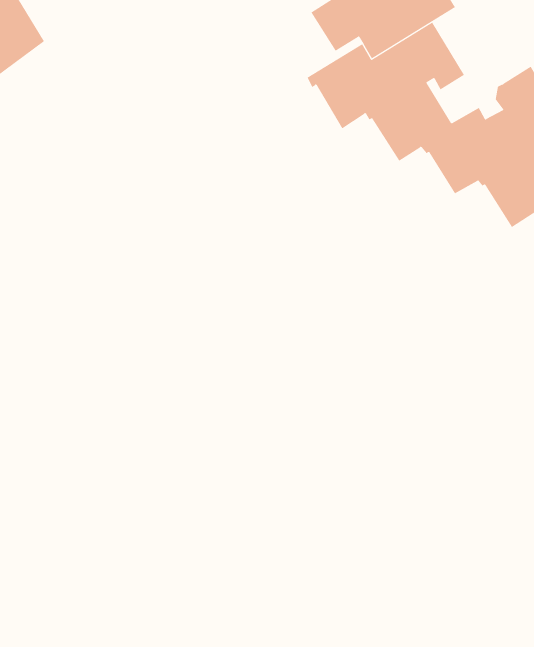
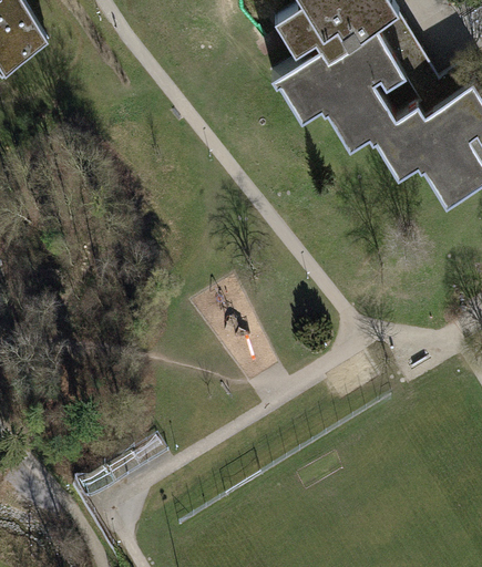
building: none -> [375,13,439,112]

